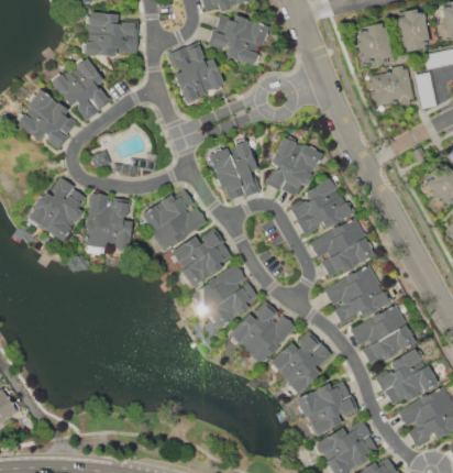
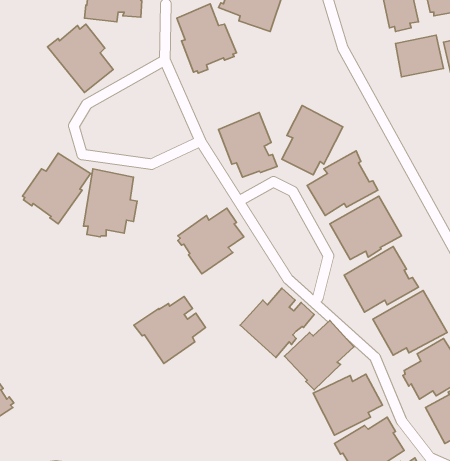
building: [16,89,77,148] -> none
building: [139,189,207,251] -> none
building: [191,266,257,328] -> [134,296,206,363]

